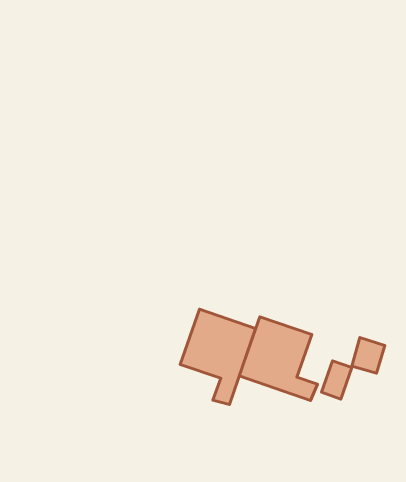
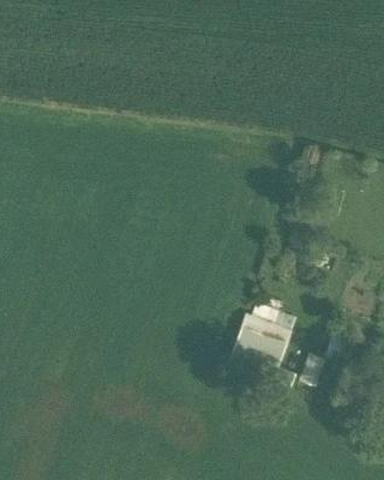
building: [180,309,256,404] -> none

